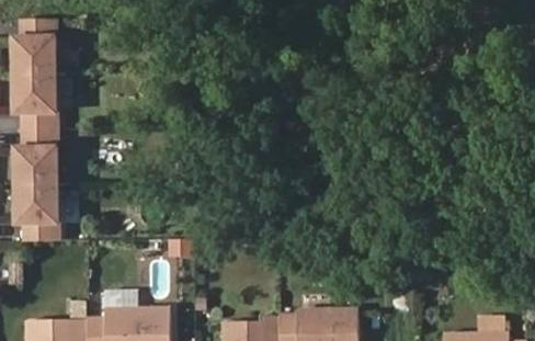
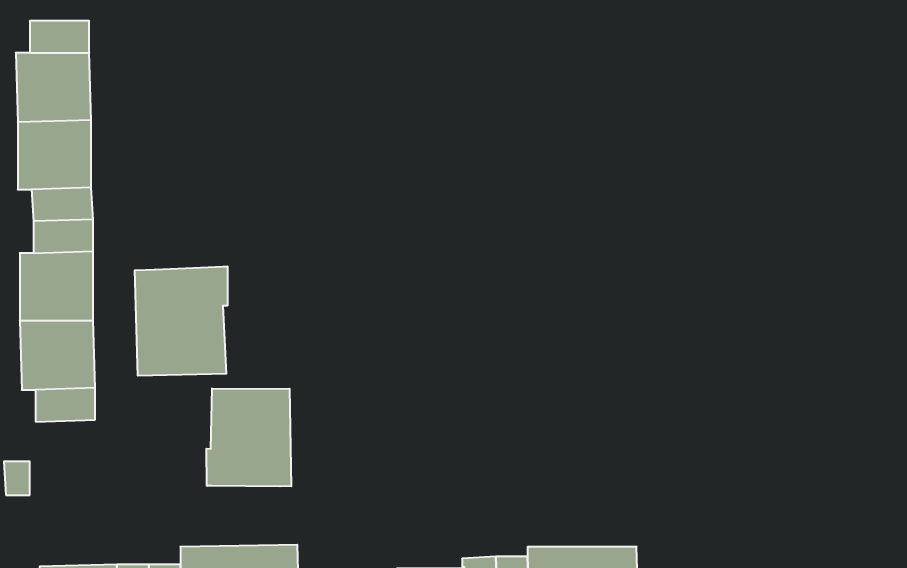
building: none -> [135,266,228,376]
building: none -> [206,388,291,486]

